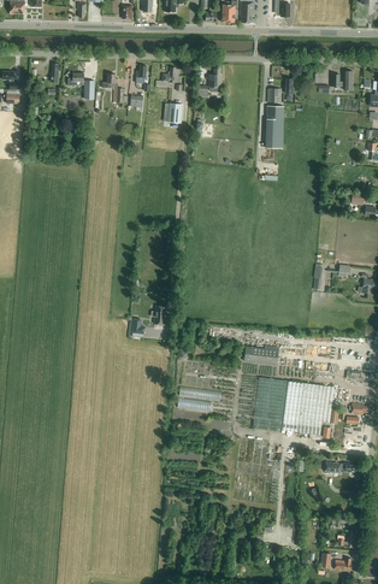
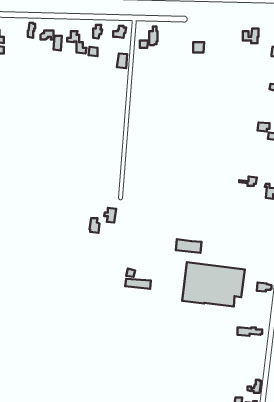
building: [266,105,284,147] -> none

